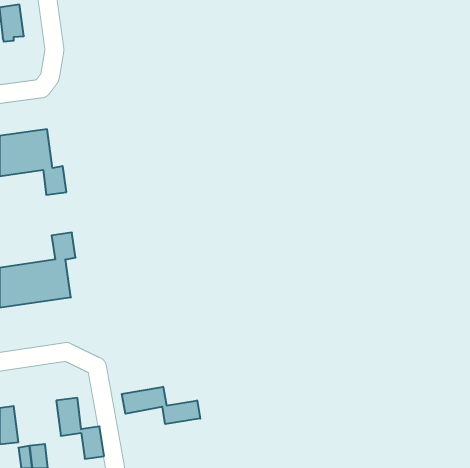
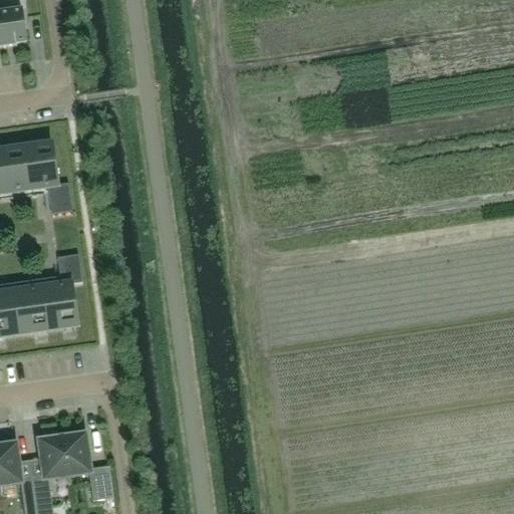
building: [122,387,200,424] -> none
building: none -> [38,436,66,477]

